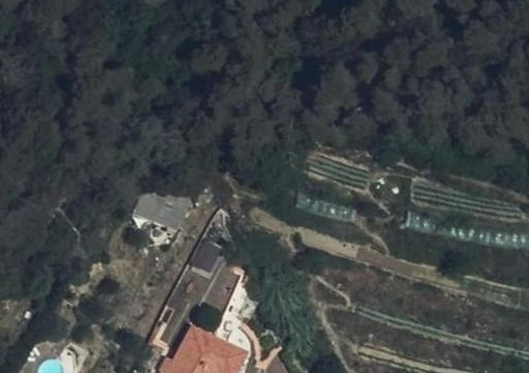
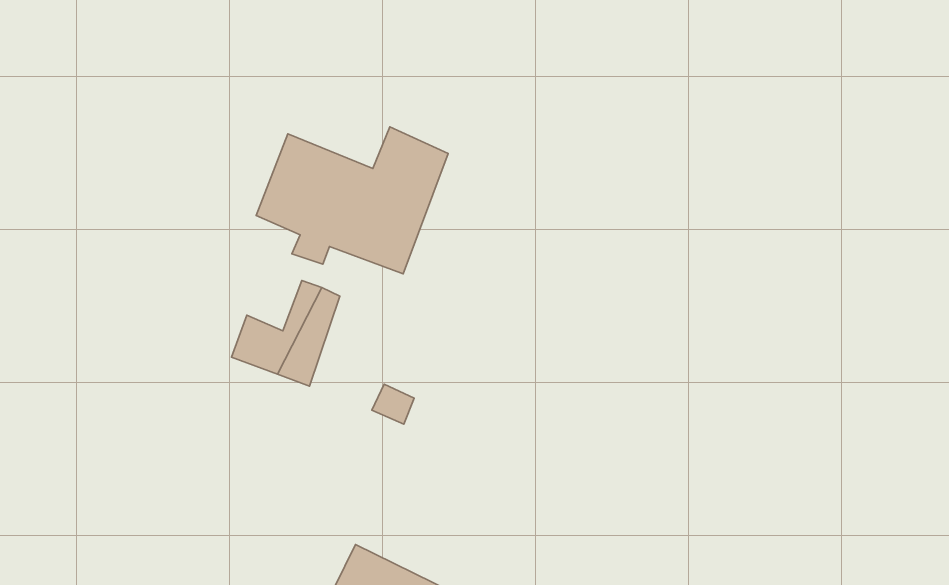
building: none -> [256,127,448,274]

